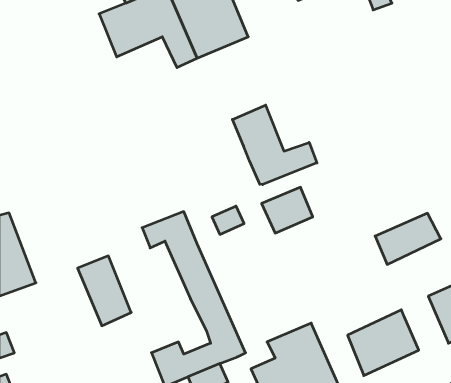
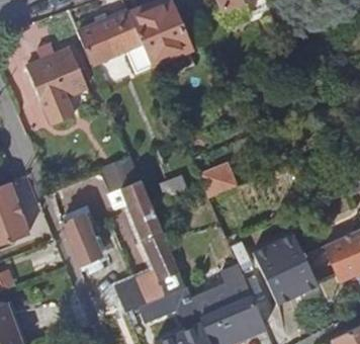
building: none -> [26,49,88,124]
building: [232,105,317,185] -> none
building: [375,213,441,264] -> [256,235,305,273]

